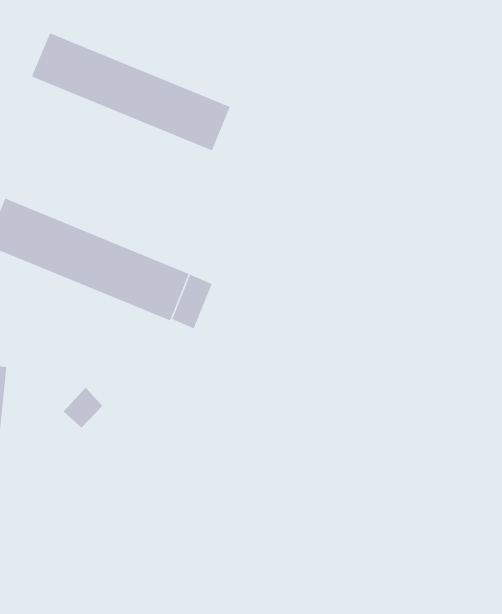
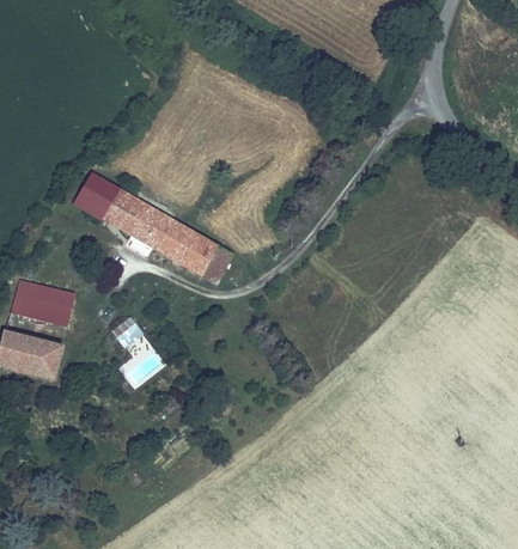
building: [32,32,230,151] -> none

